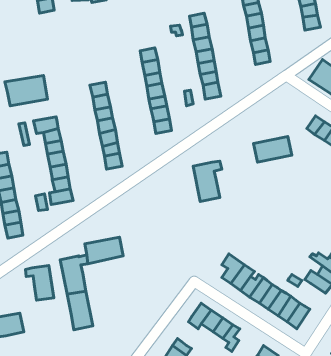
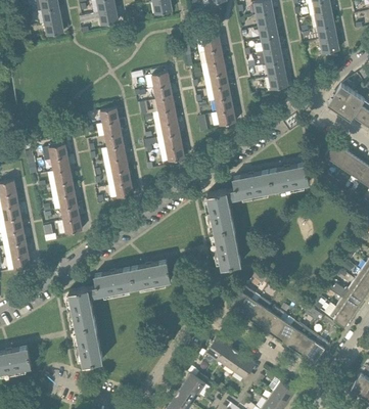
building: [5,76,48,106] -> none
building: none -> [232,172,273,198]
building: none -> [214,228,241,268]
building: none -> [130,262,171,288]
building: [25,265,54,300] -> none

